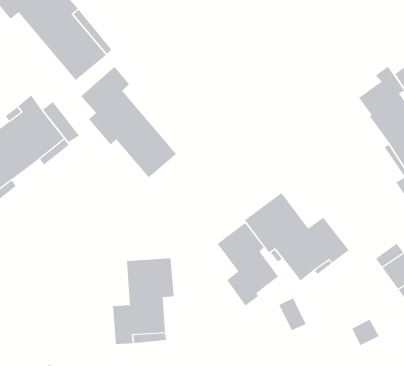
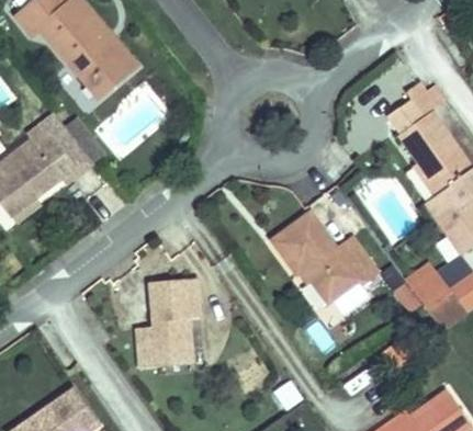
building: [81,66,177,178] -> none
building: [217,222,279,306] -> none

